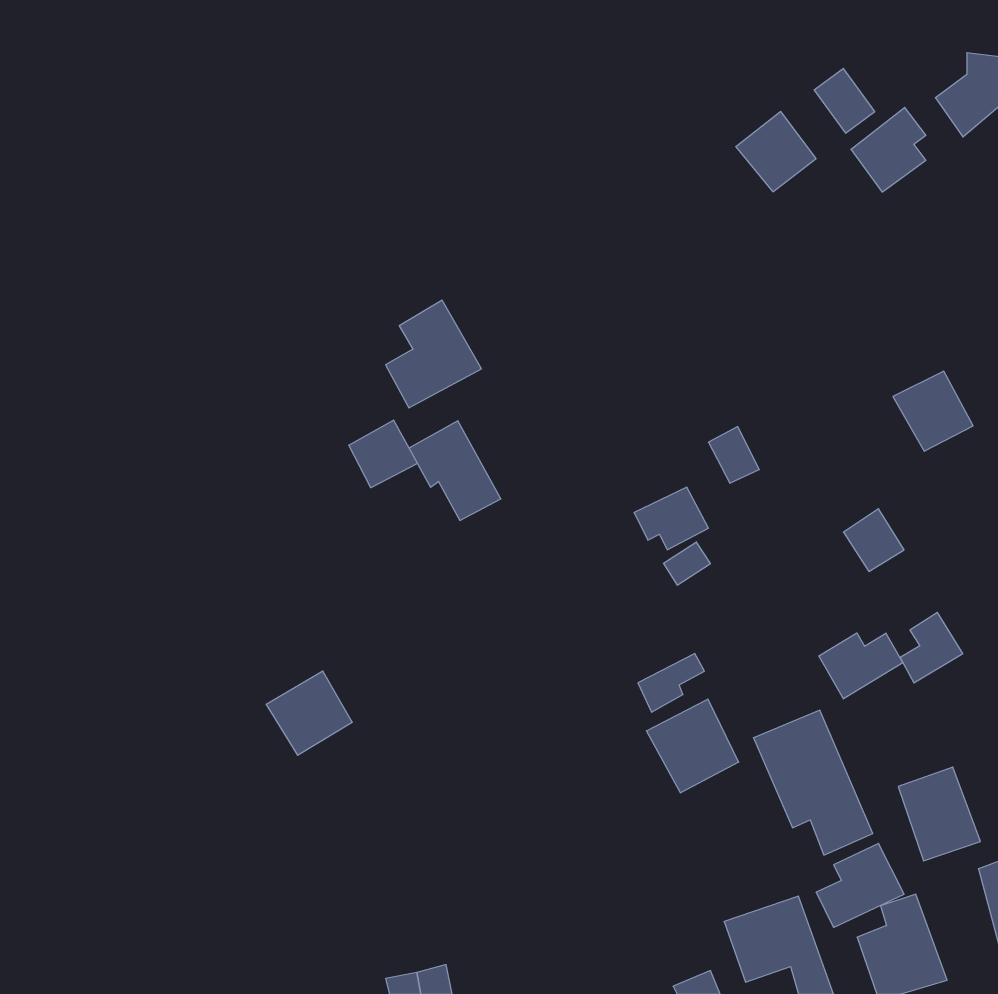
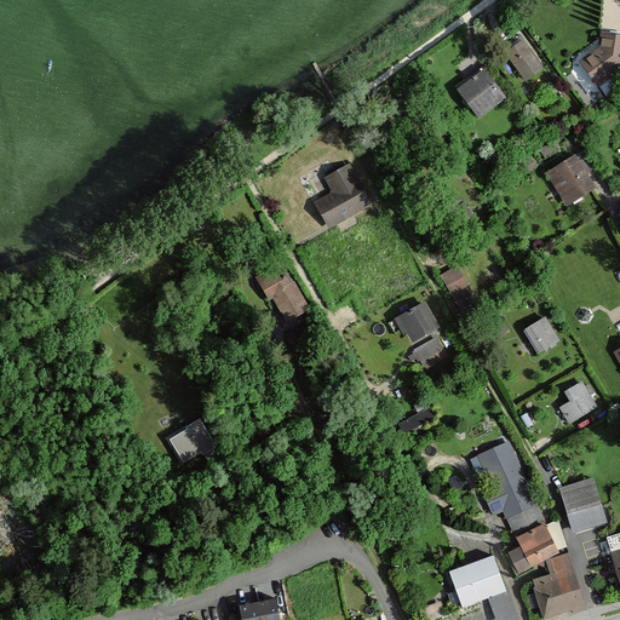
building: [851,107,926,192] -> none
building: [386,300,481,408] -> [315,161,374,228]
building: [893,371,973,451] -> [547,155,597,205]
building: [349,420,418,488] -> none
building: [819,633,903,699] -> none
building: [647,699,739,793] -> none

